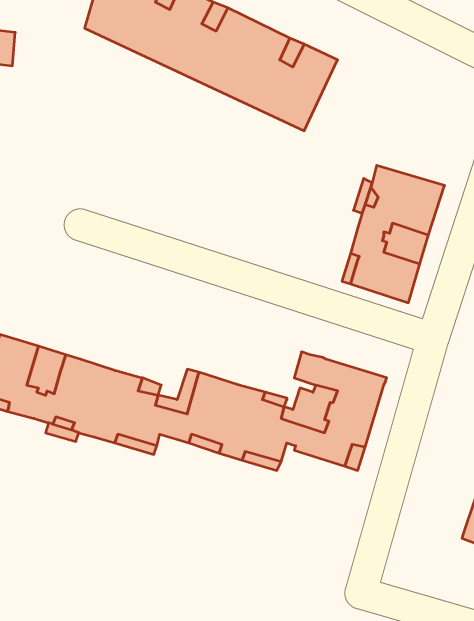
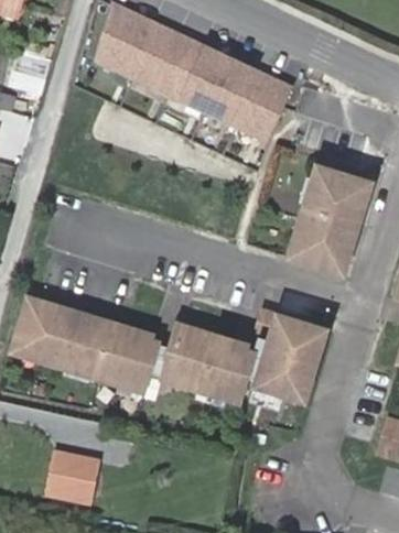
building: none -> [45,452,97,502]

